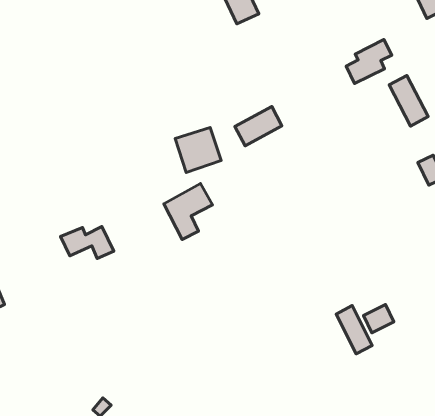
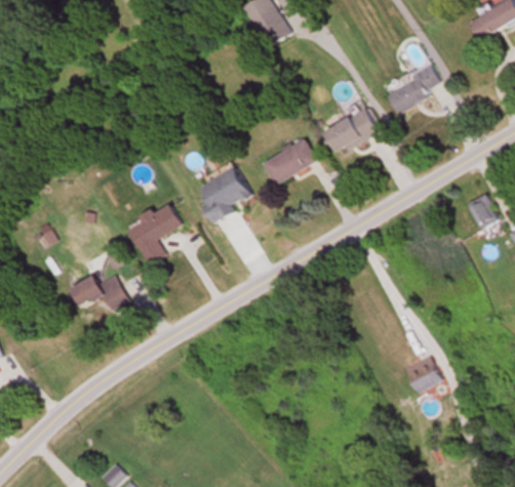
building: [389,75,428,126] -> none
building: none -> [324,109,379,155]
building: [164,184,212,239] -> [127,202,182,265]
building: [336,306,372,354] -> none

